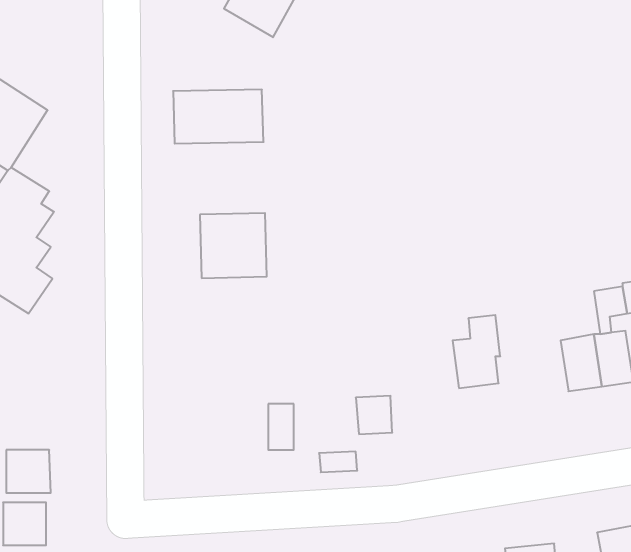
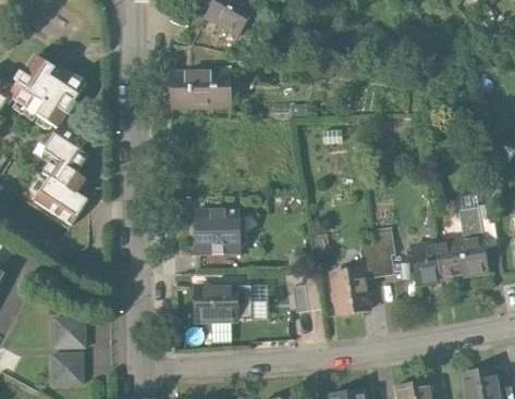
building: [200,213,267,278] -> [193,209,238,253]
building: none -> [414,244,440,282]
building: none -> [329,267,368,314]
building: none -> [194,287,234,320]

